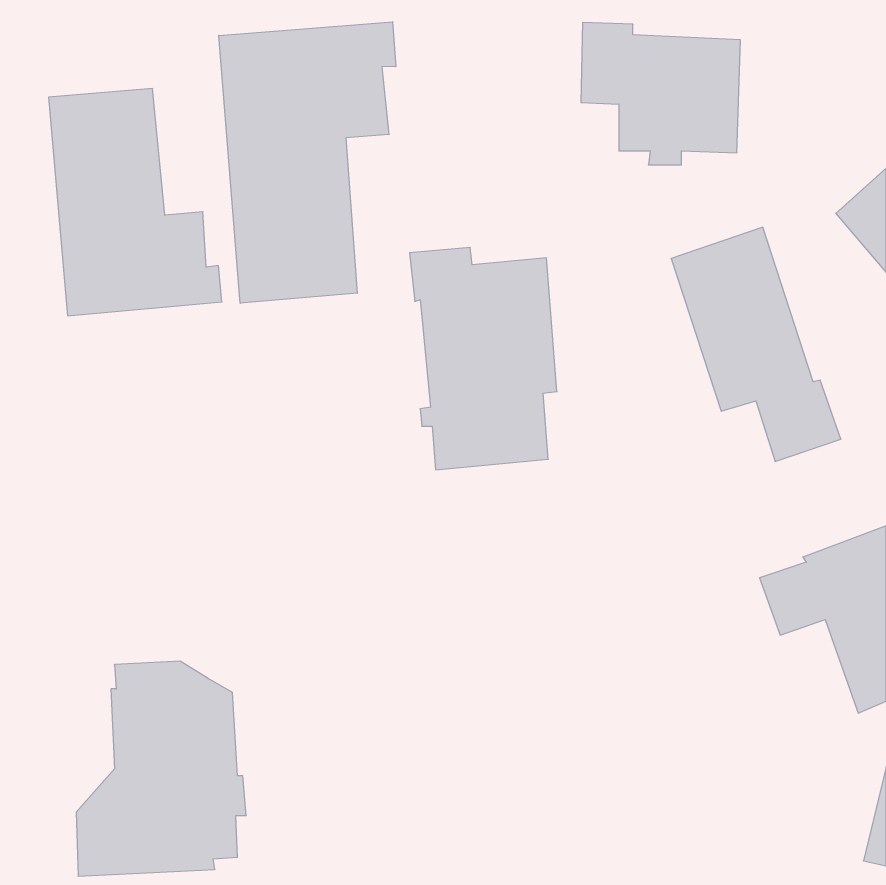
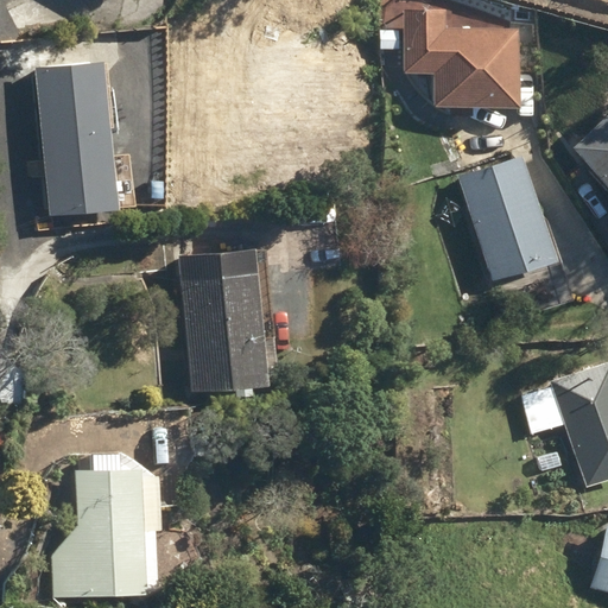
building: [219,22,396,303] -> none
building: [410,248,557,470] -> [173,240,274,392]

